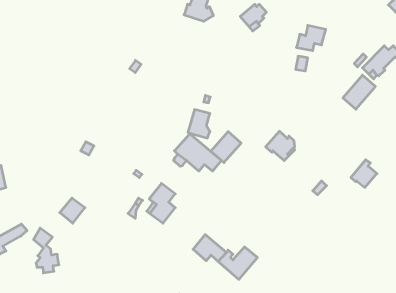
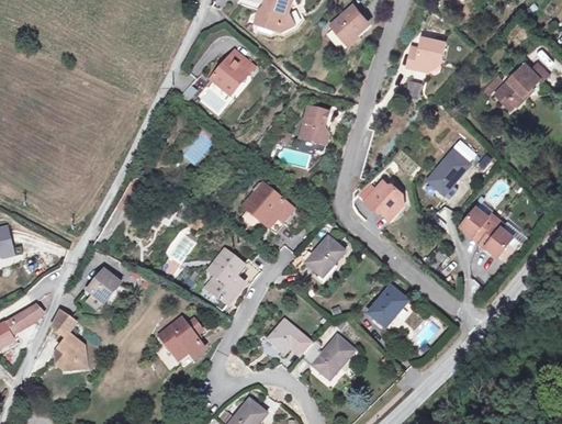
building: none -> [205,48,255,94]
building: [343,75,375,109] -> [427,148,471,194]
building: [188,110,210,138] -> [299,105,328,144]
building: [211,132,241,163] -> [304,236,345,278]
building: none -> [462,207,499,242]
building: none -> [367,286,407,326]
building: none -> [159,319,209,376]

